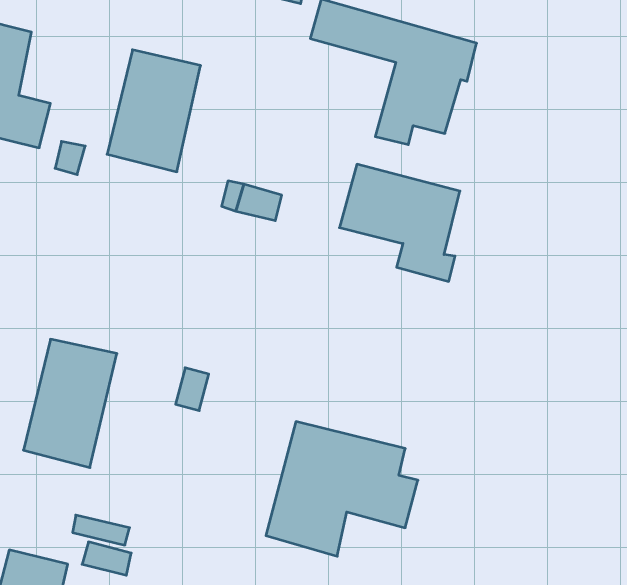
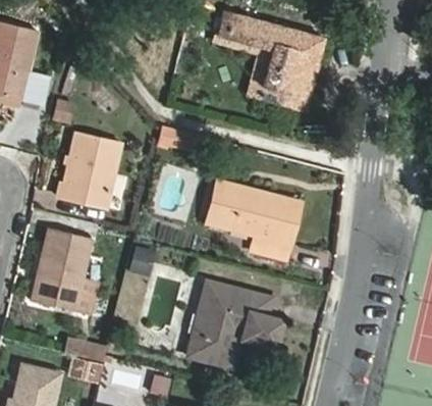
building: [107,50,201,172] -> [60,132,120,210]
building: [339,164,460,281] -> [215,184,292,259]

